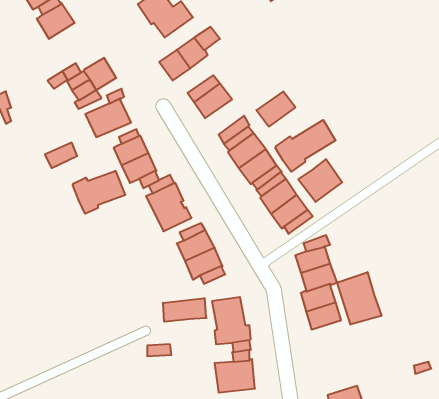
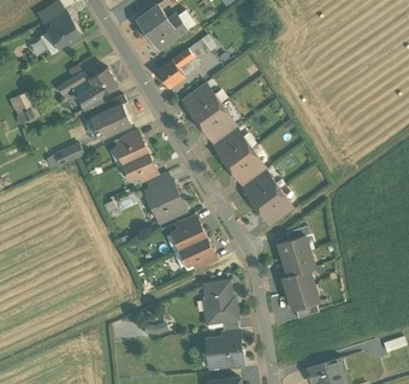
building: [256,91,295,126] -> [196,105,231,136]
building: [275,120,336,172] -> none
building: [298,159,342,202] -> none
building: [73,171,125,214] -> none
building: [337,272,381,325] -> none
building: [163,298,207,322] -> none

